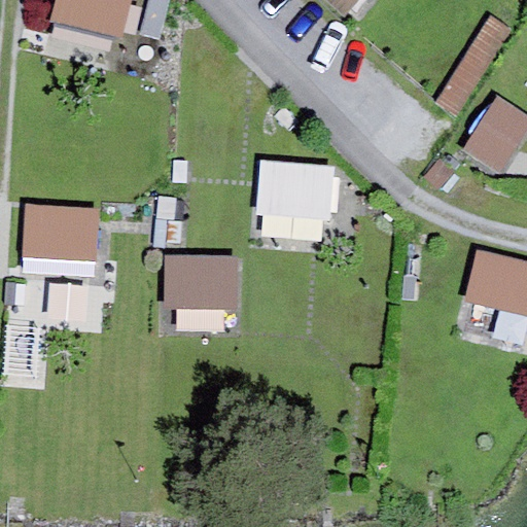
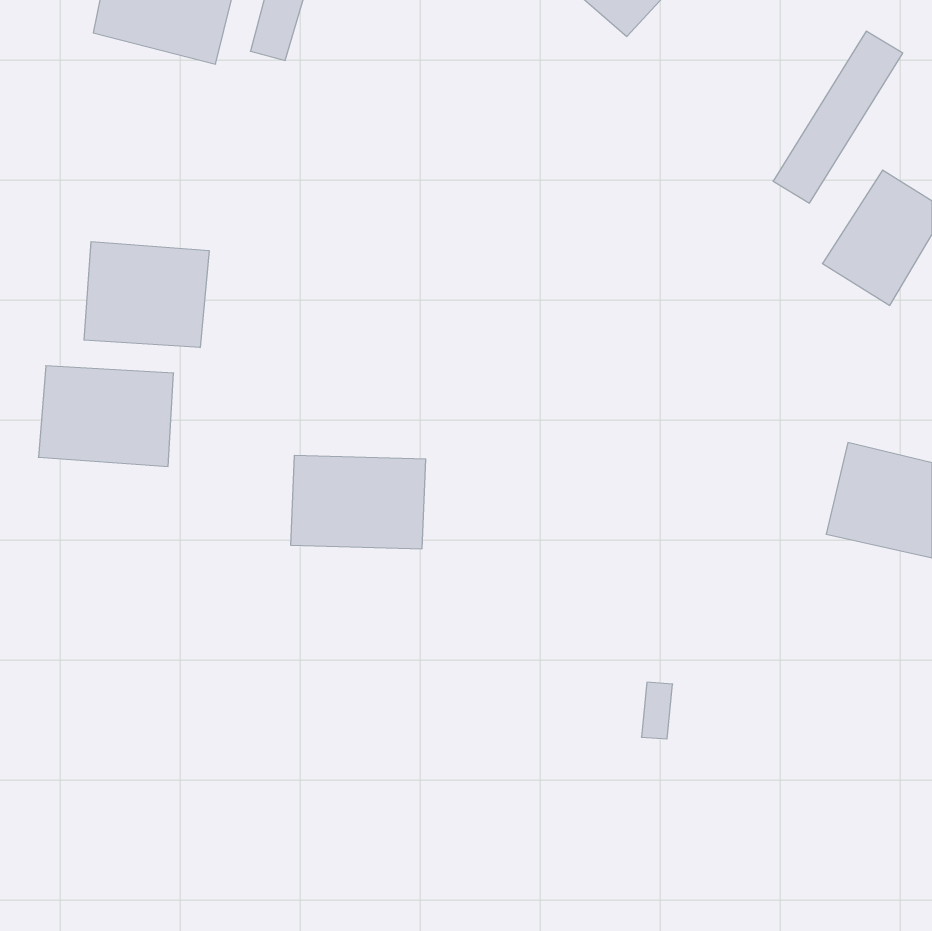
building: none -> [84,242,209,348]
building: [255,160,336,220] -> none

